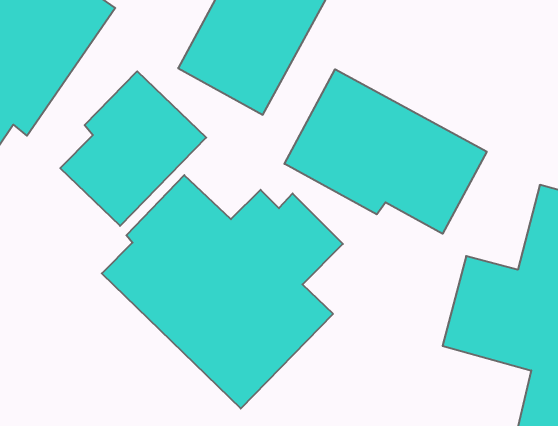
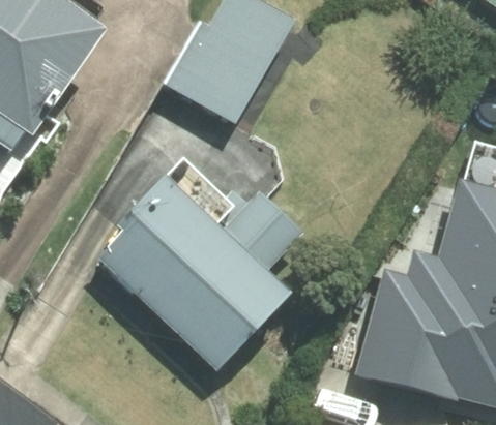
building: [284,69,487,234] -> none
building: [60,71,206,226] -> none

